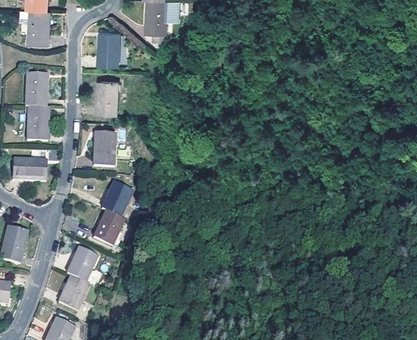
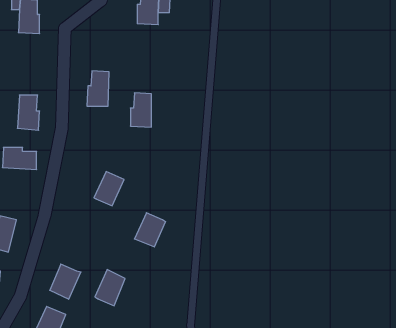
building: [98,32,120,67] -> none
building: [25,71,48,105] -> none
building: [95,131,116,165] -> [130,93,151,127]
building: [93,208,124,242] -> [134,213,166,247]
building: [67,244,97,280] -> [95,270,125,306]

